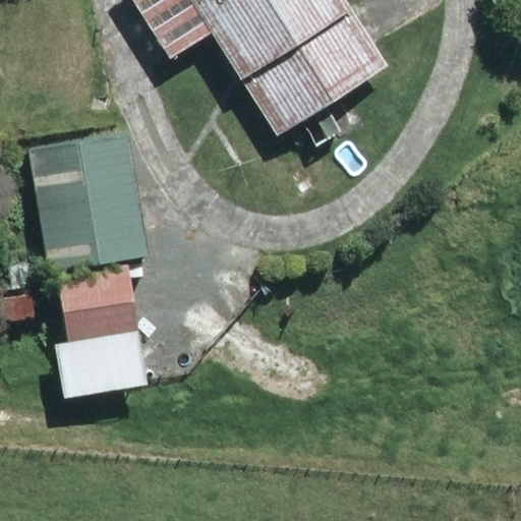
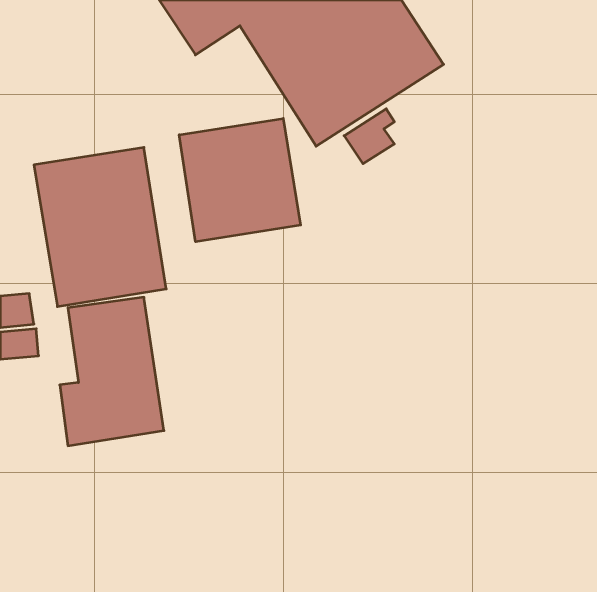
building: none -> [179,118,301,242]

